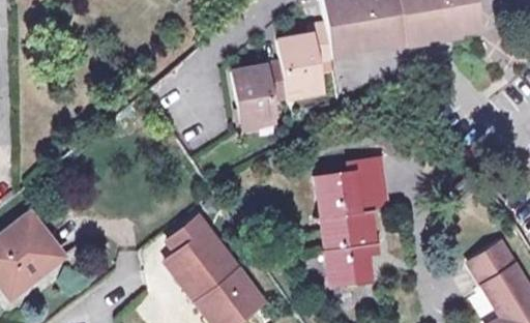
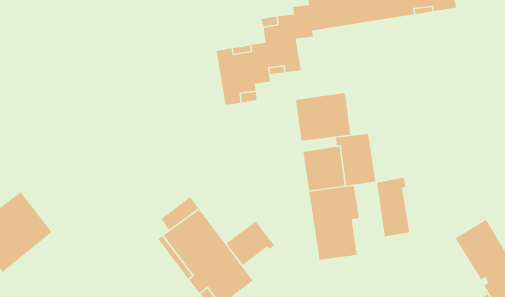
building: none -> [295,92,351,141]
building: none -> [376,177,410,237]
building: none -> [225,221,275,266]

